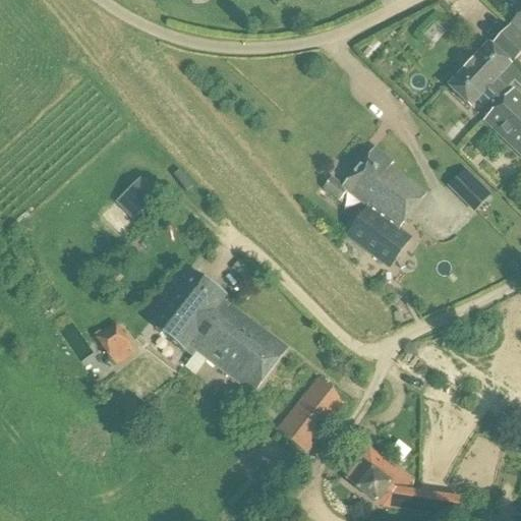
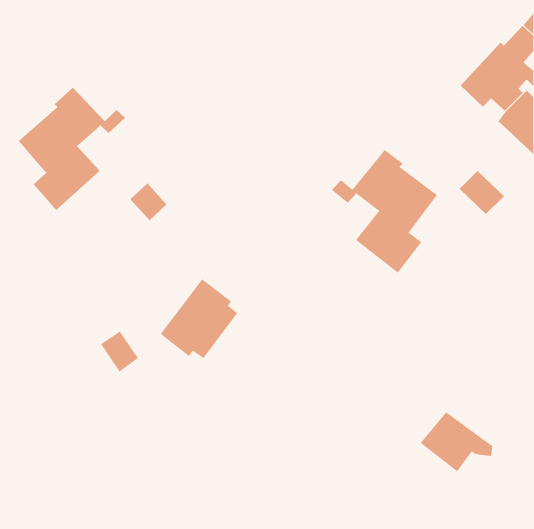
building: none -> [18,87,126,211]
building: [198,305,288,392] -> none
building: [278,378,347,454] -> none
building: [341,444,412,503] -> [420,412,493,472]

